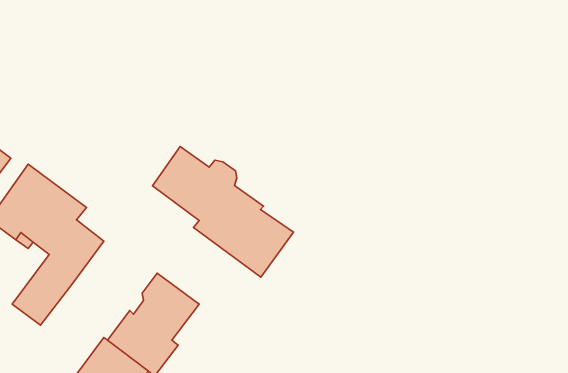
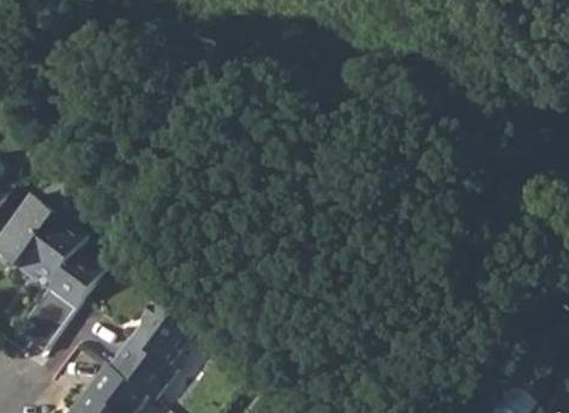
building: [153,146,293,277] -> none

